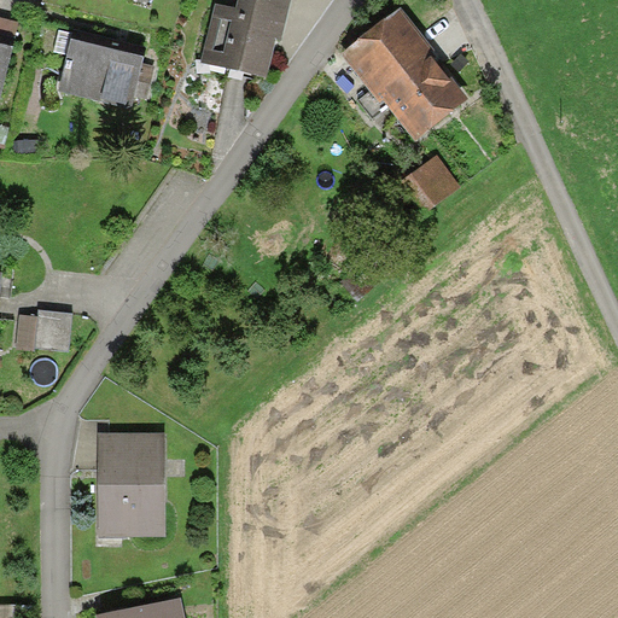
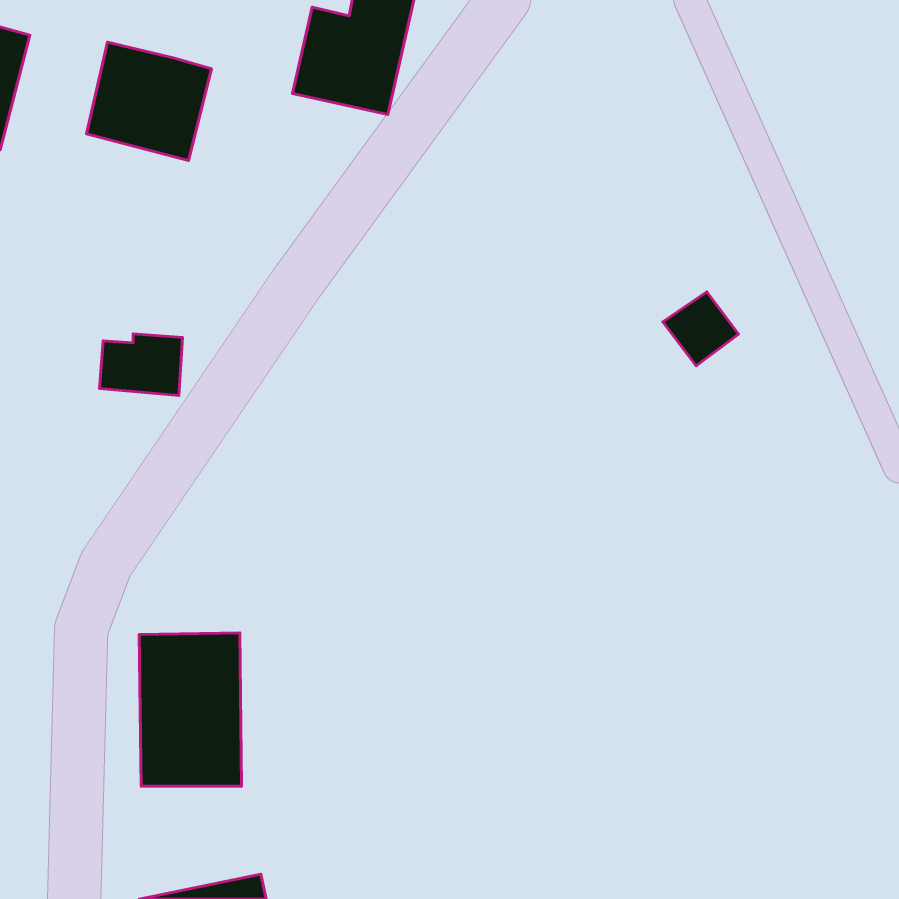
building: [342,5,466,136] -> none
building: [409,154,461,205] -> [663,292,739,366]
building: [14,309,71,351] -> [100,334,182,396]

